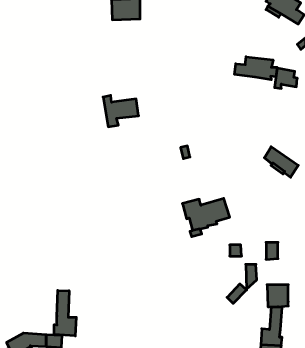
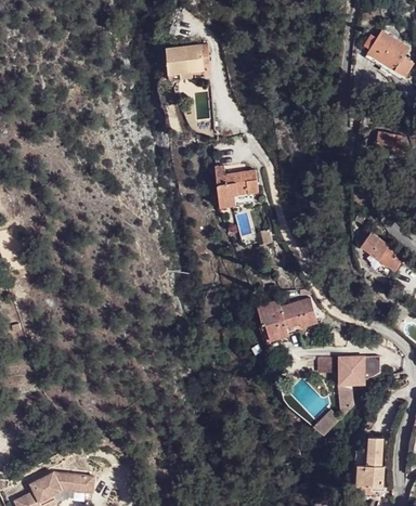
building: [235,57,277,80] -> none
building: [103,95,139,127] -> [214,167,260,207]
building: [267,285,288,307] -> [337,355,364,384]
building: [54,290,76,336] -> none

